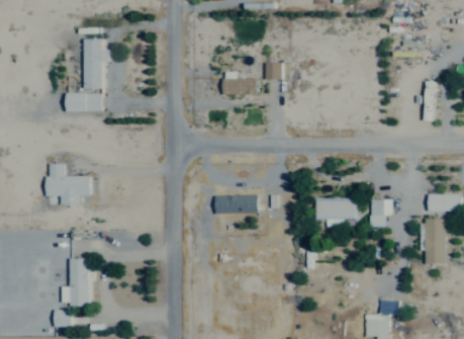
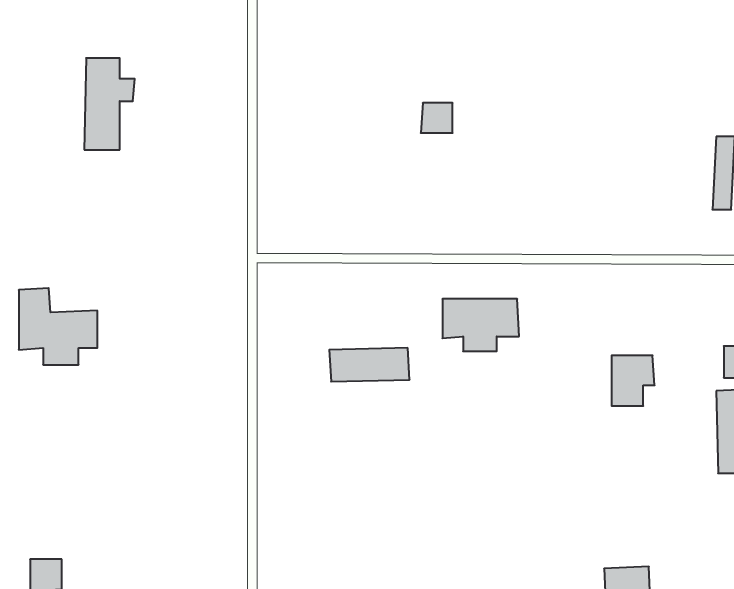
building: [224,72,259,95] -> none
building: [68,93,104,111] -> none
building: [315,198,357,227] -> [442,299,519,351]
building: [70,258,90,306] -> none

